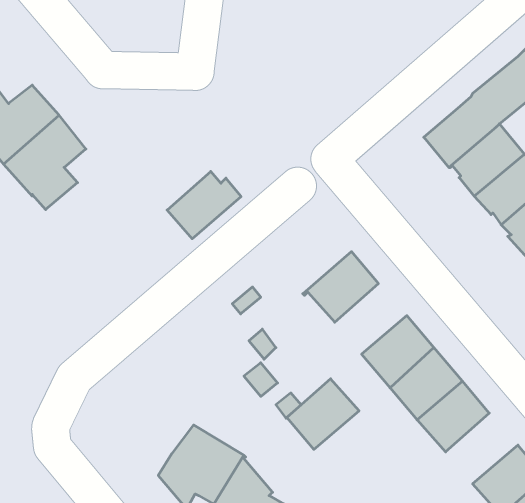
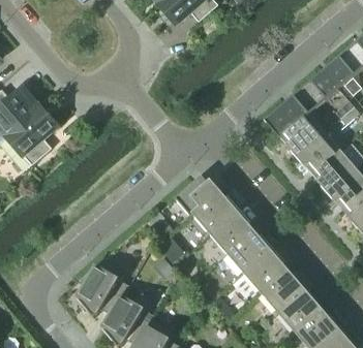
building: [167,171,241,239] -> [175,175,220,216]
building: none -> [77,257,129,317]
building: [287,379,359,449] -> [210,210,254,253]
building: none -> [278,289,323,333]

